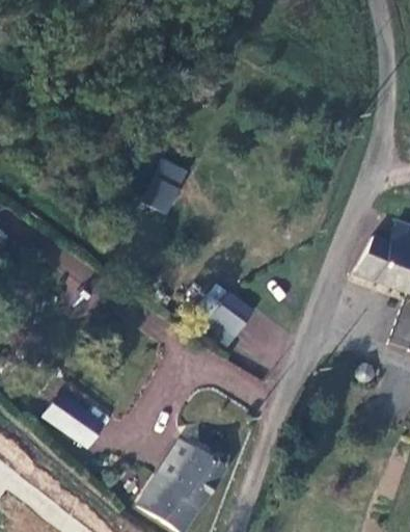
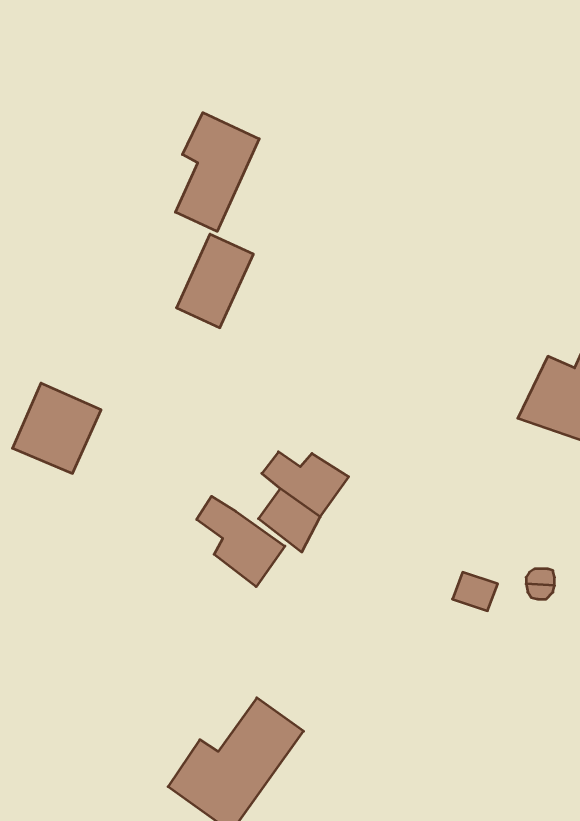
building: none -> [175,113,259,231]
building: none -> [197,496,285,587]
building: [47,390,104,443] -> none

